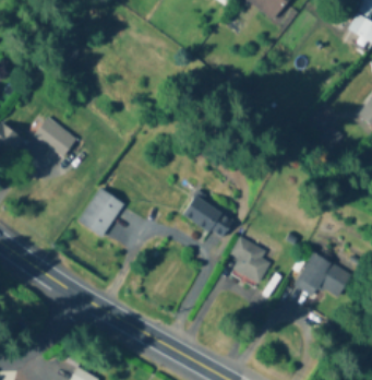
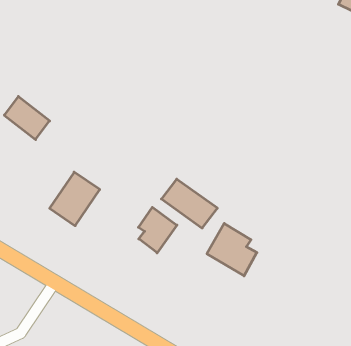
building: none -> [138,207,177,253]
building: [297,253,351,304] -> none

